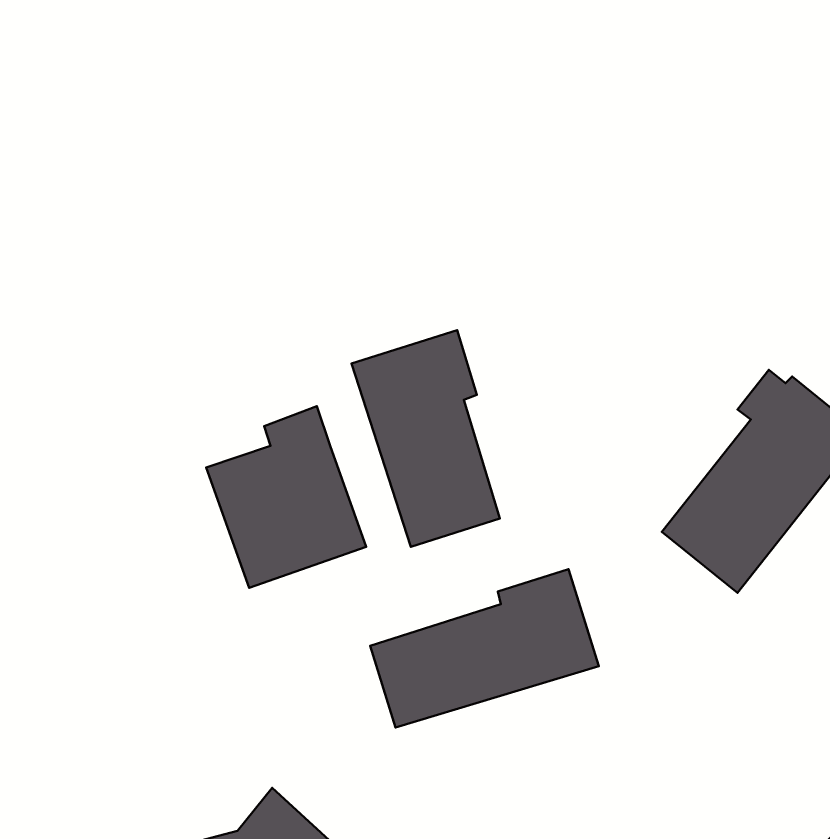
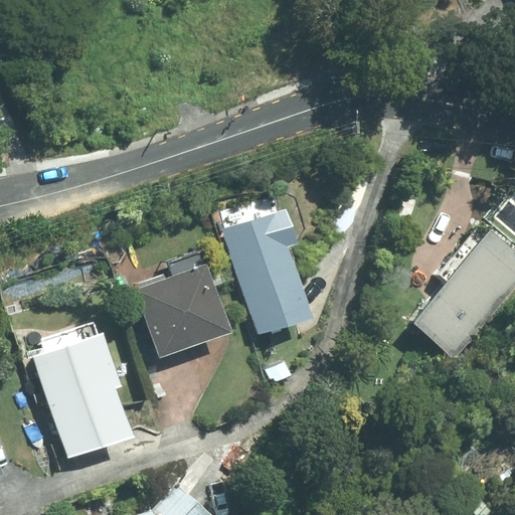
building: none -> [26,317,132,461]
building: [370,569,599,728] -> none

